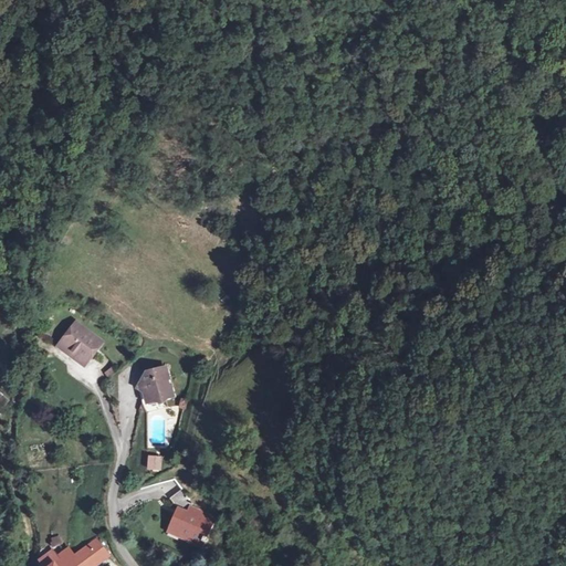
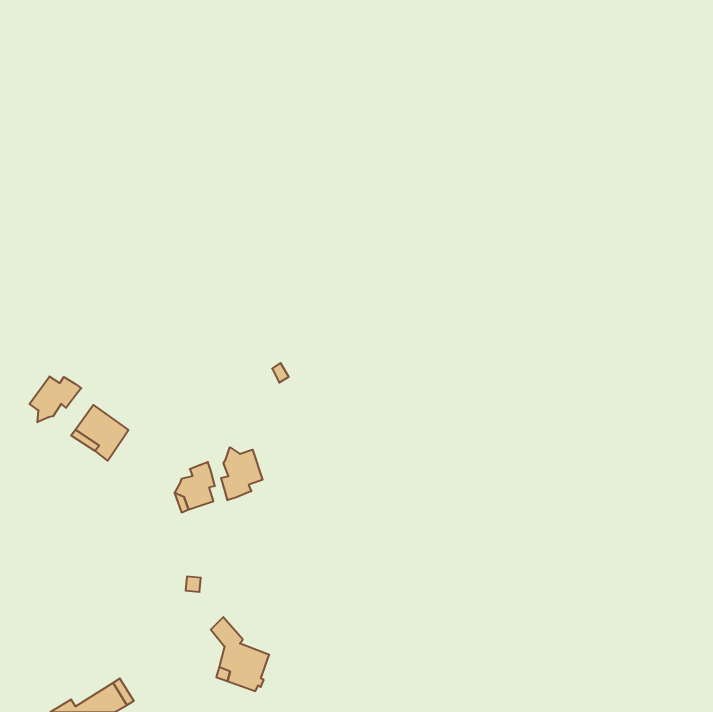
building: none -> [30,376,81,422]
building: none -> [221,447,263,500]

